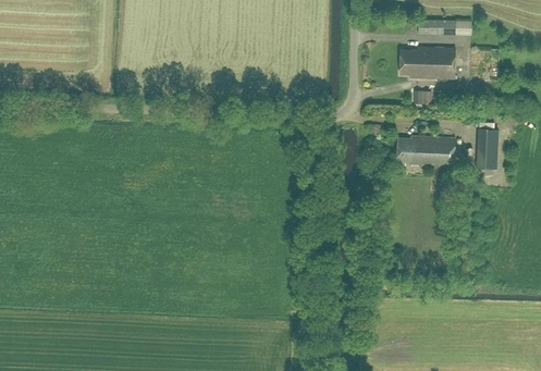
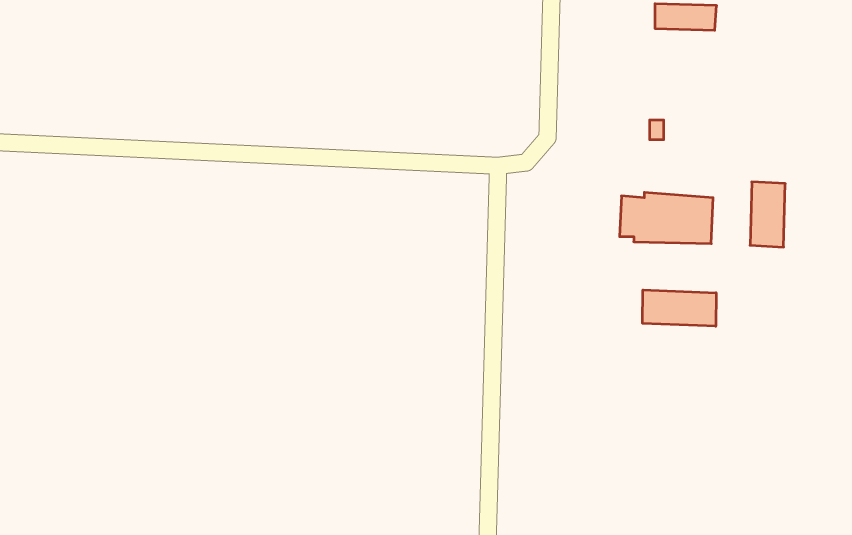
building: [402,48,455,78] -> none
building: none -> [643,290,716,326]

